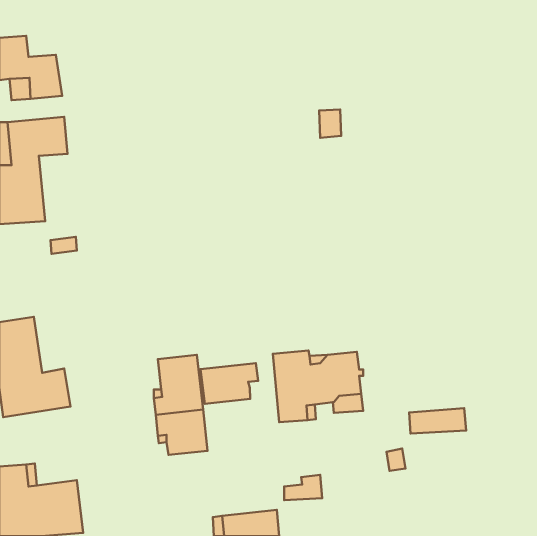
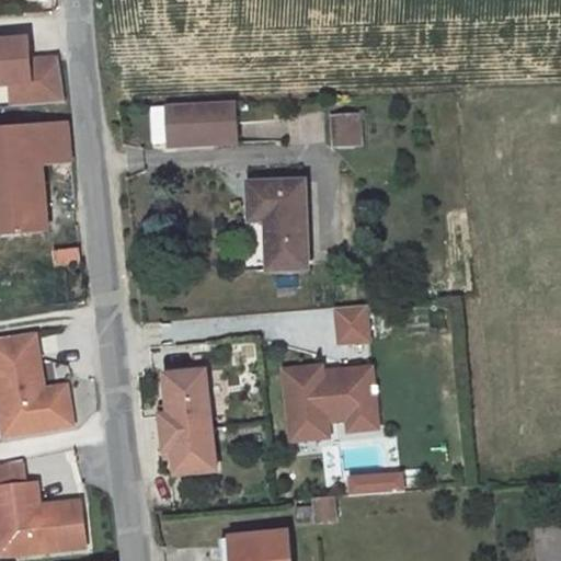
building: none -> [150,100,237,145]
building: none -> [249,181,307,268]
building: none -> [335,304,368,342]
building: [201,363,258,404] -> none
building: [409,408,466,434] -> [343,469,402,495]

